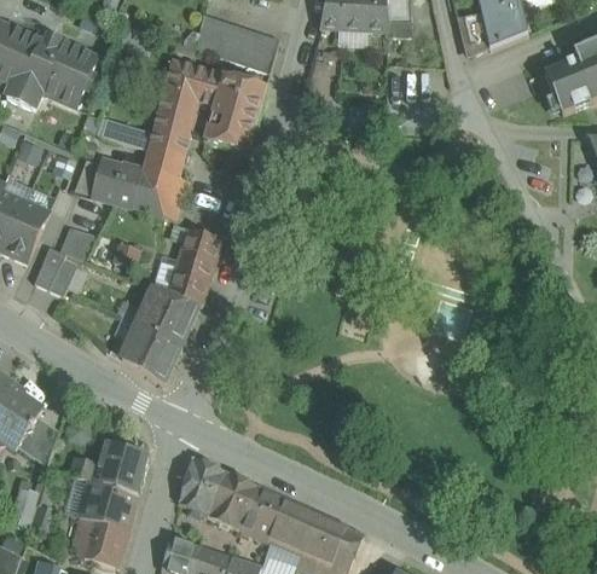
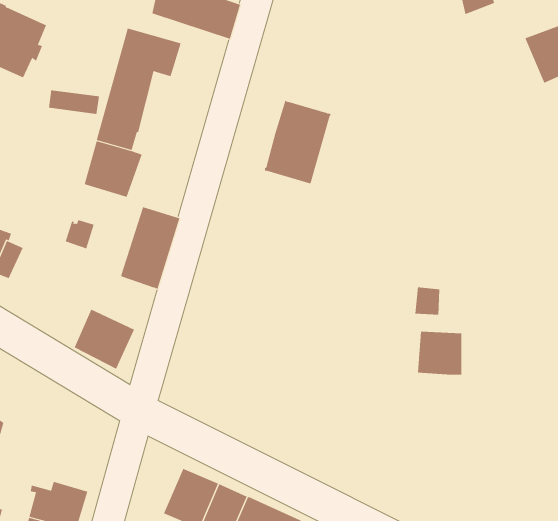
building: [204,75,267,153] -> [264,100,331,184]
building: [91,160,144,207] -> none
building: [59,222,93,256] -> none
building: [139,288,198,342] -> none
building: none -> [417,331,462,376]
building: [69,441,147,493] -> none
building: [180,457,225,514] -> none

